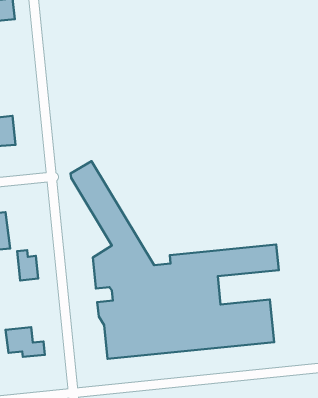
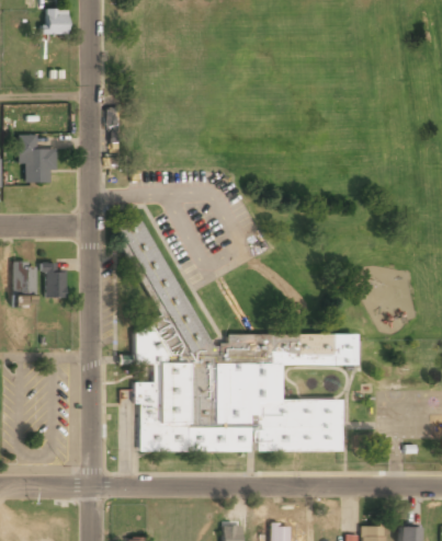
building: [17,250,38,280] -> [46,263,68,298]
building: [5,327,45,357] -> none

